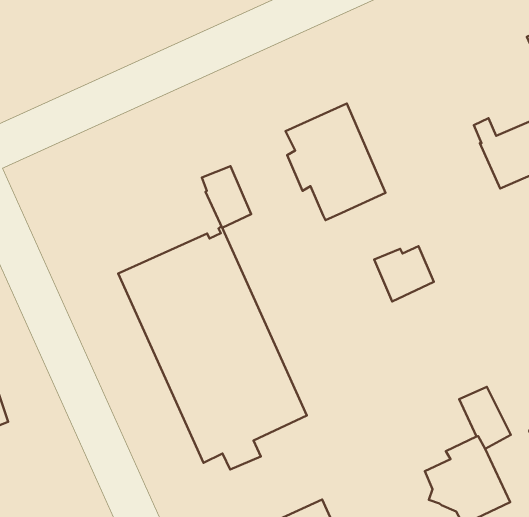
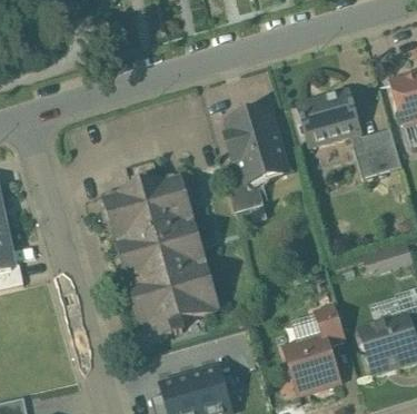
building: none -> [297,89,361,145]
building: [202,166,251,228] -> none
building: [374,246,434,302] -> [227,178,264,211]

